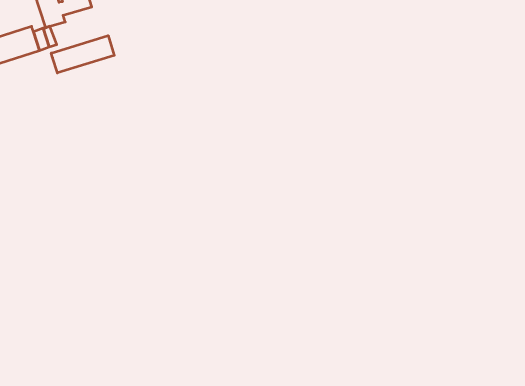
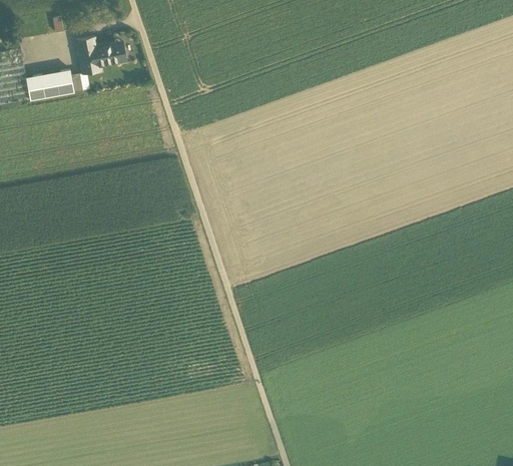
building: [51,36,114,73] -> none

